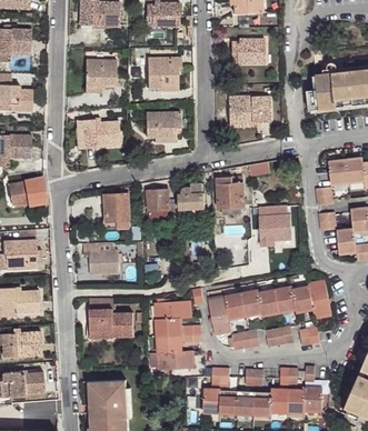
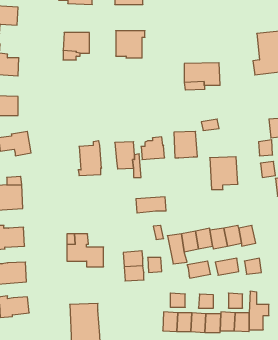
building: [230,39,263,63] -> none
building: [146,112,180,138] -> none
building: [77,119,120,149] -> none
building: [82,242,118,274] -> none
building: [308,281,331,318] -> none
building: [155,301,190,320] -> [136,197,166,213]
building: [158,351,192,370] -> none

